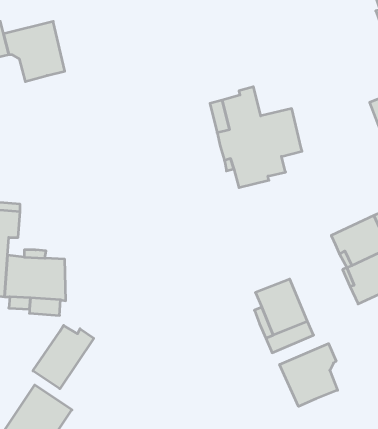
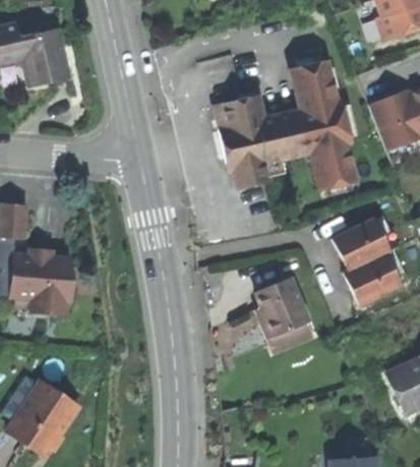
building: none -> [291,58,355,186]
building: [33,325,94,389] -> none
building: [280,344,338,406] -> none

